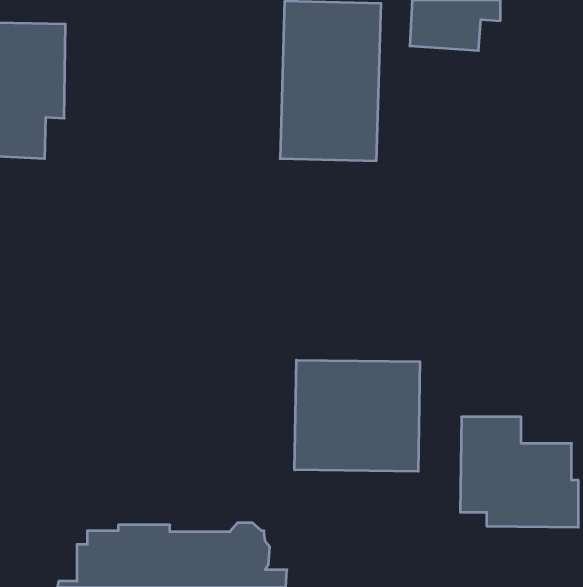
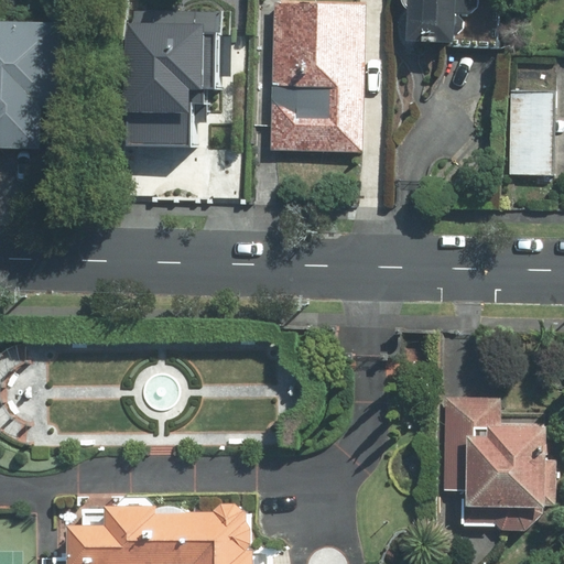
building: none -> [124,9,224,149]
building: none -> [506,90,552,176]
building: [295,360,420,471] -> none

